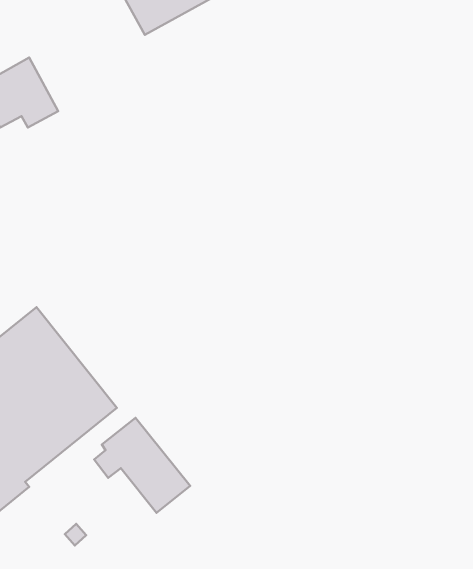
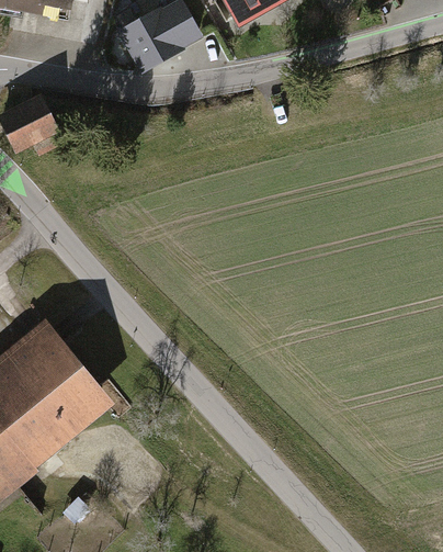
building: [94,418,190,513] -> none

